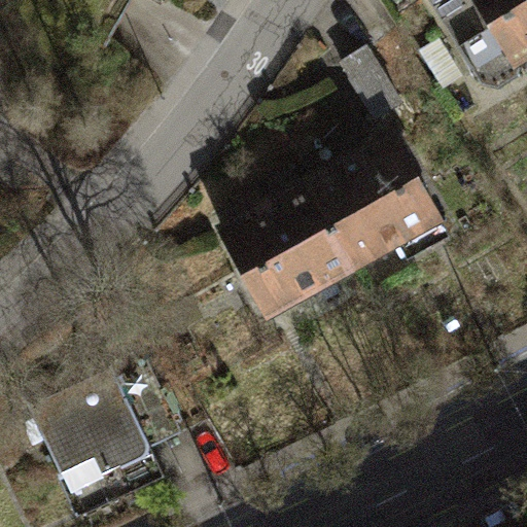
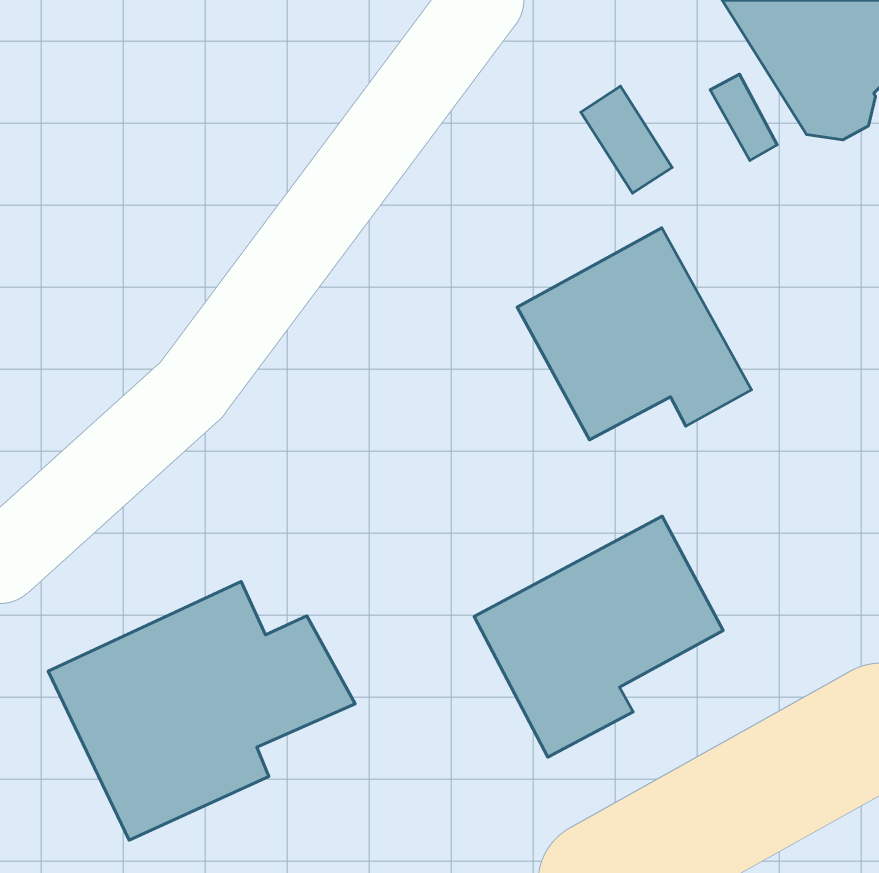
building: [225,188,353,313] -> none
building: none -> [474,516,723,757]

